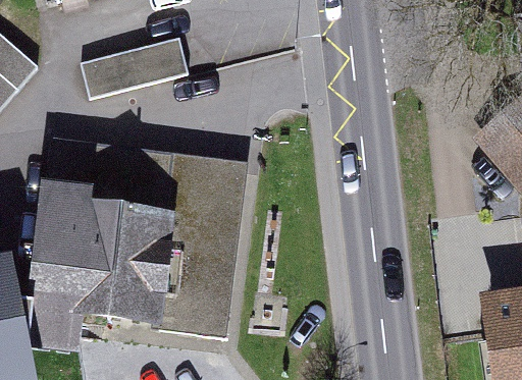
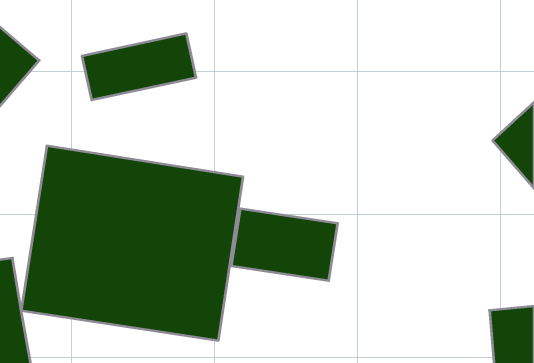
building: none -> [232,209,338,281]

